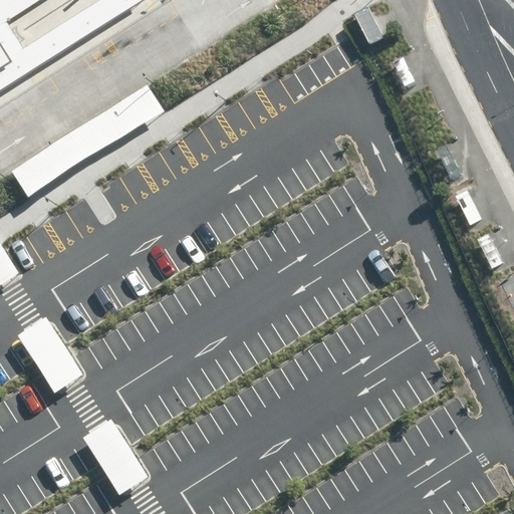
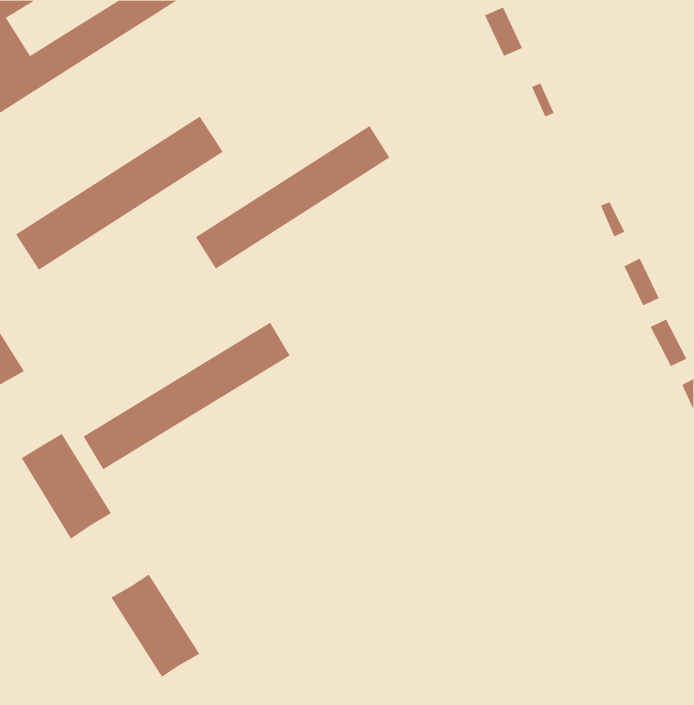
building: none -> [195,125,390,270]
building: none -> [83,322,290,470]

